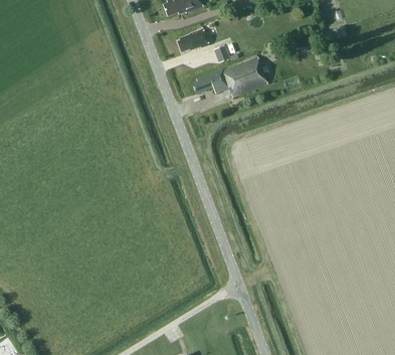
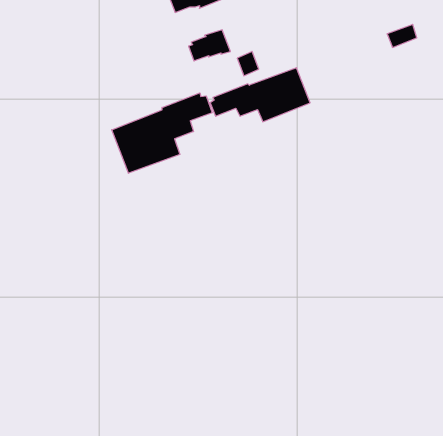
building: none -> [112,93,212,173]

